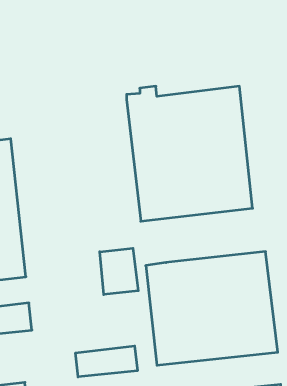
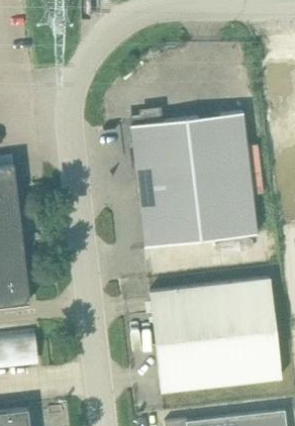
building: [100,248,138,295] -> none
building: [76,346,137,377] -> none

